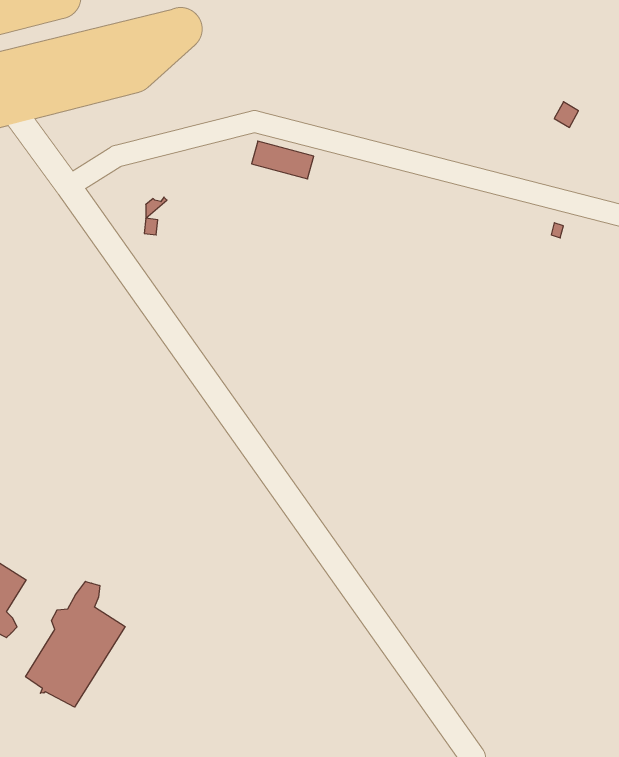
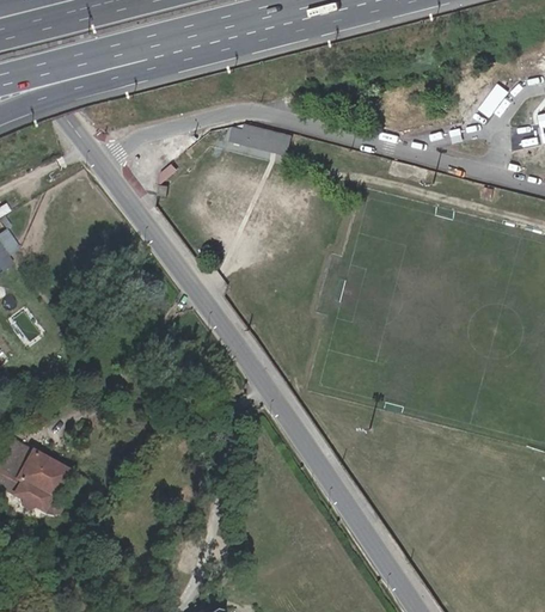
building: [26,581,125,707] -> none

